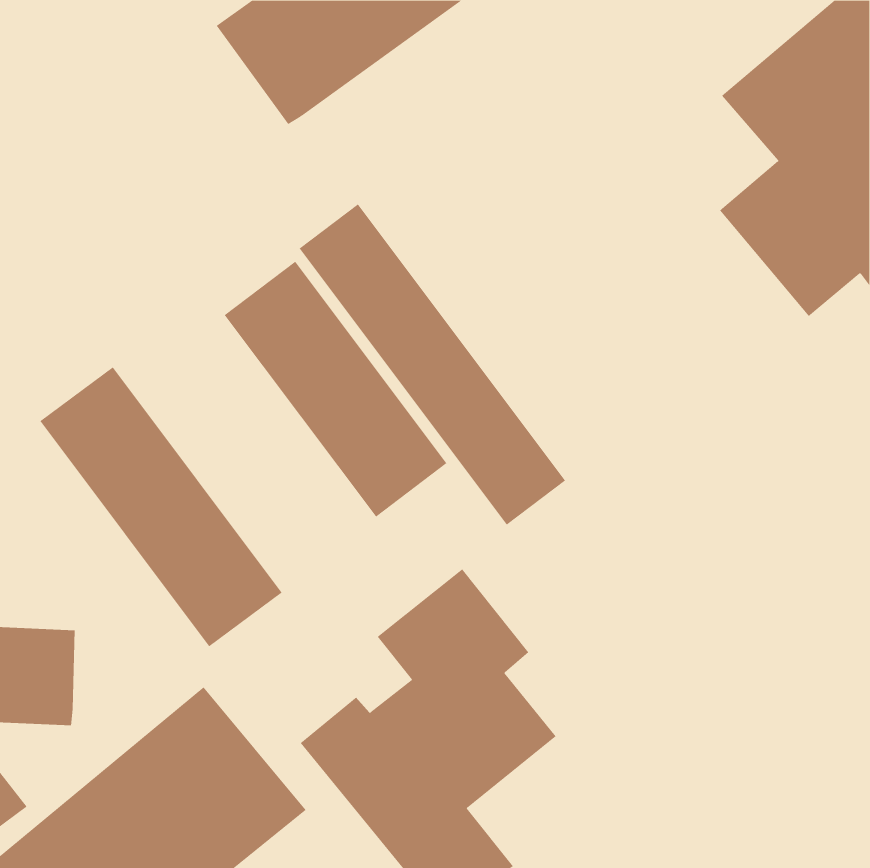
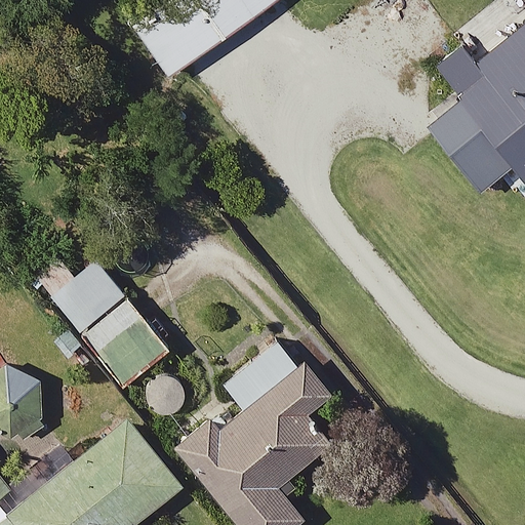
building: [299,203,566,526] -> none
building: [224,261,447,517] -> none

